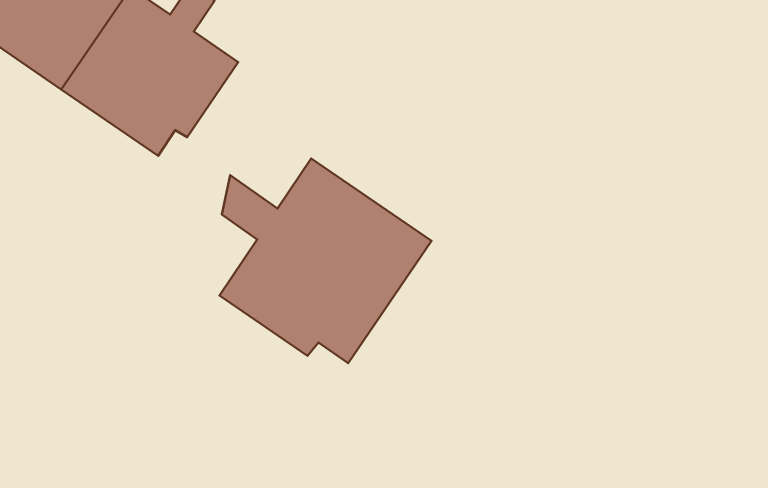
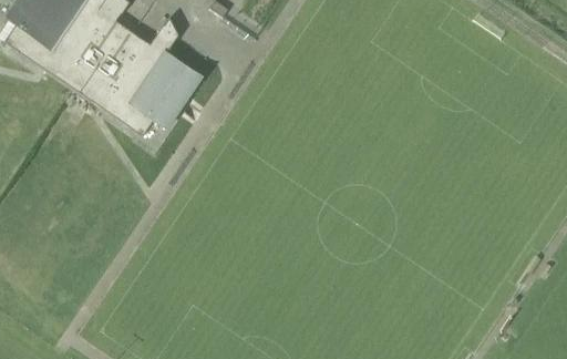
building: [219,159,432,363] -> none

